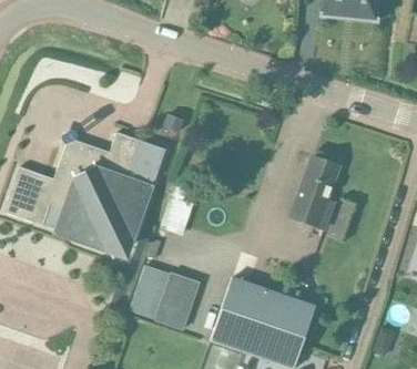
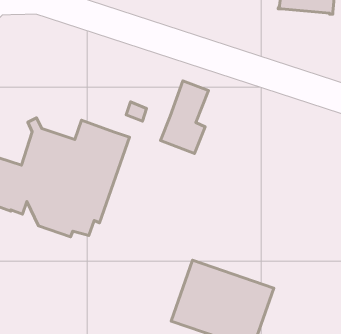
building: [289,156,339,232] -> [160,81,209,153]
building: [130,262,204,329] -> none

